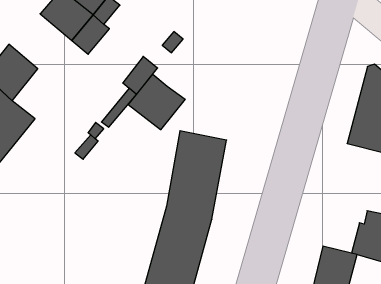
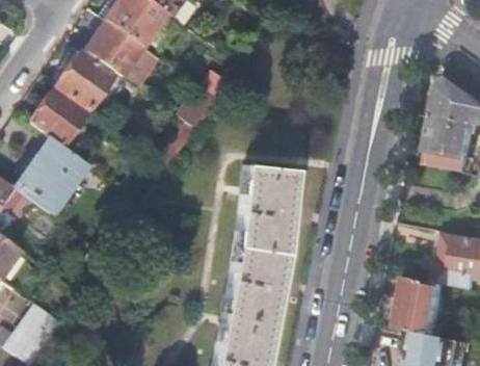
building: none -> [54,51,112,111]
building: [128,74,185,130] -> none

